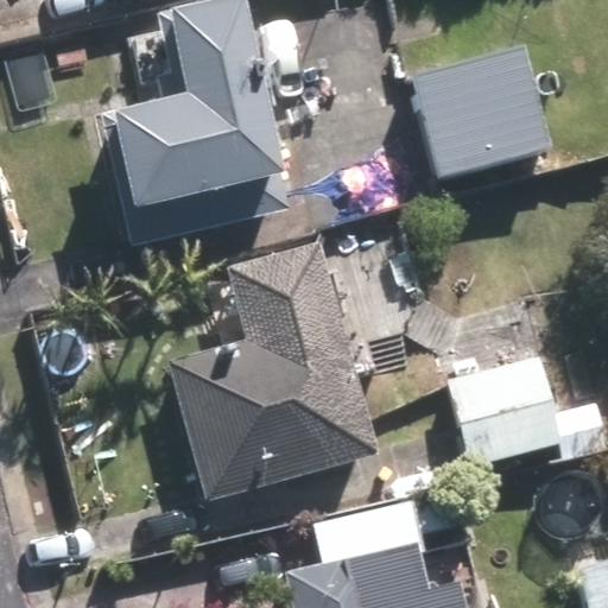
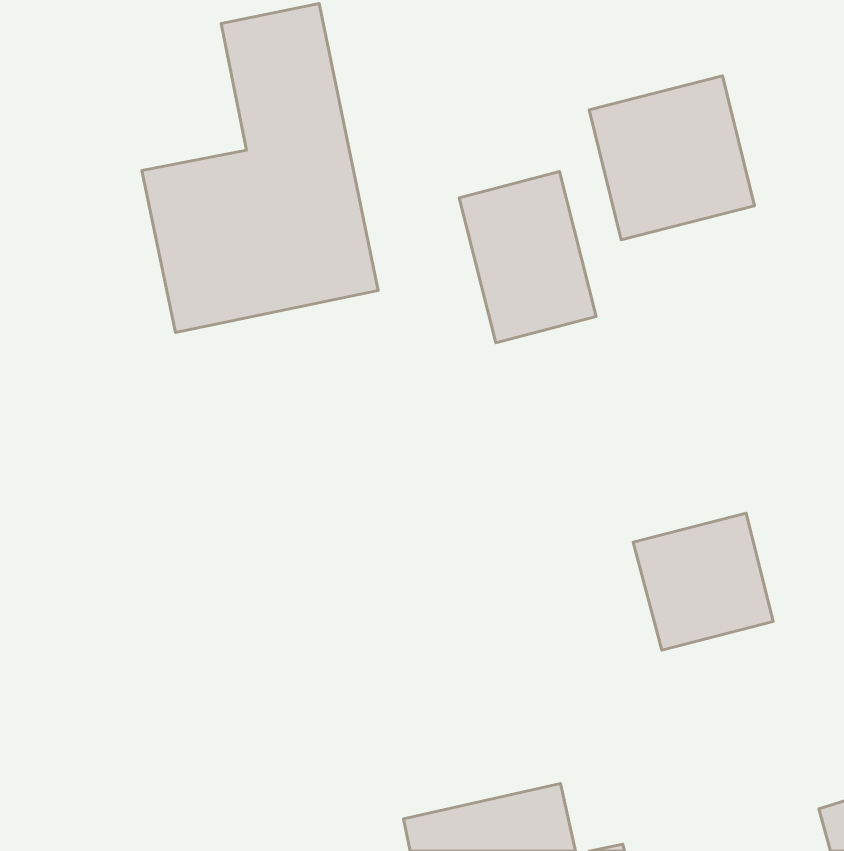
building: none -> [459,171,596,343]
building: [178,252,369,484] -> none

